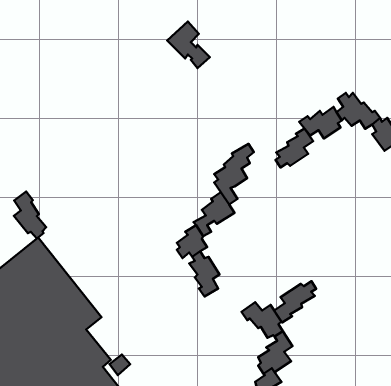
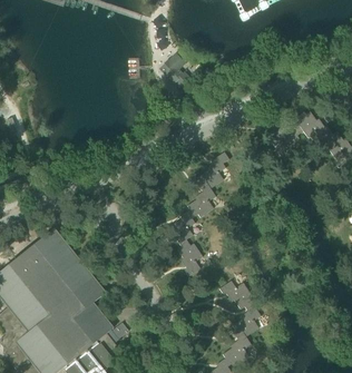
building: [276,129,313,168] -> none
building: [14,192,46,239] -> none
building: [274,281,316,322] -> none

